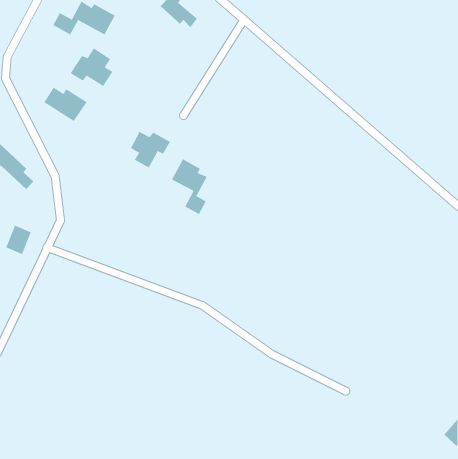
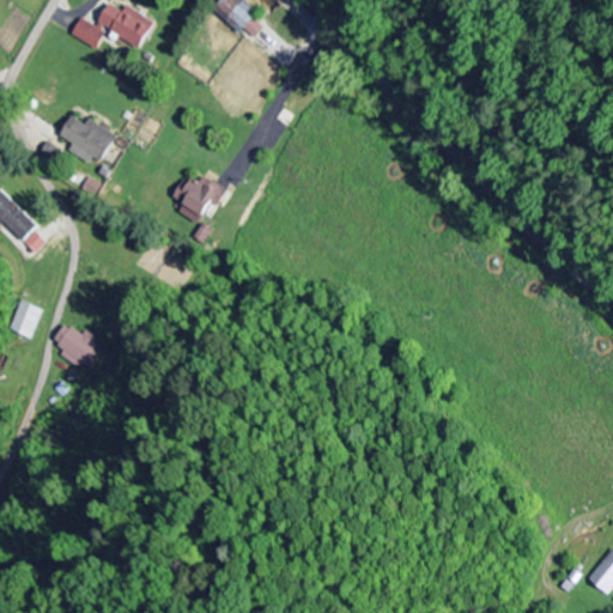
building: [70,47,113,87] -> none
building: [171,159,207,215] -> none
building: none -> [54,322,105,371]

